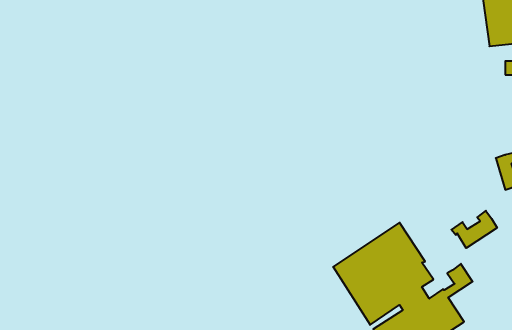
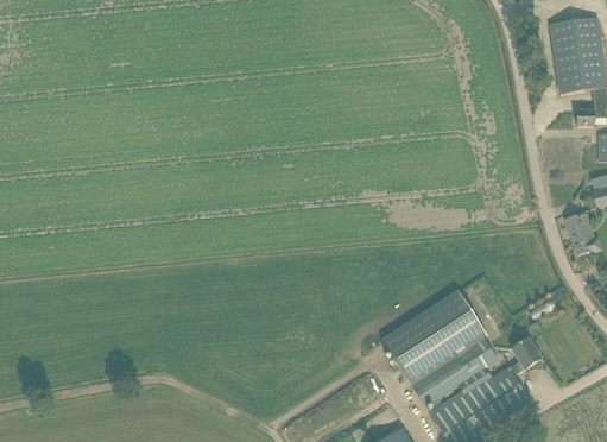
building: [451,211,497,248] -> none

